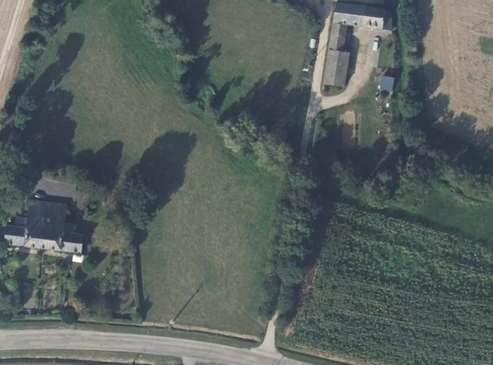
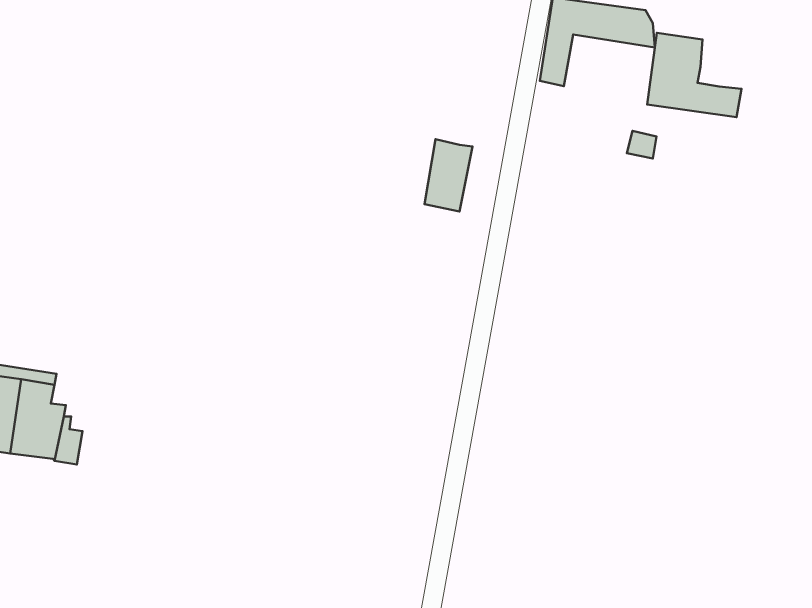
building: none -> [647,33,741,117]
building: [323,48,349,87] -> [424,139,473,211]

